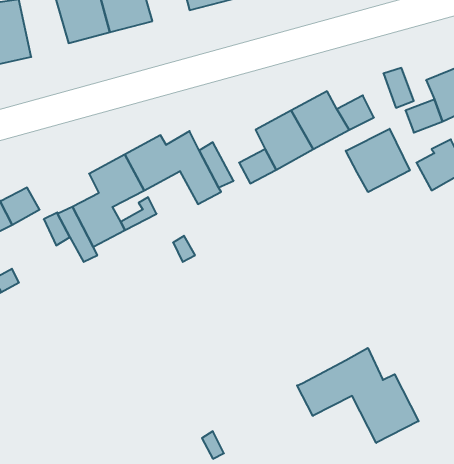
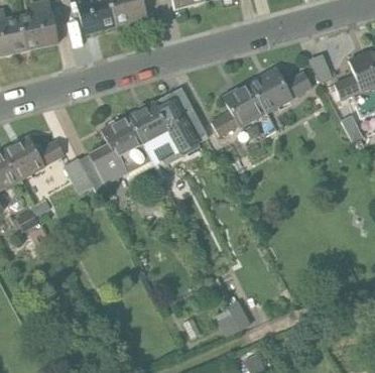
building: [346,129,410,192] -> none
building: none -> [141,127,180,163]
building: [297,348,419,443] -> none
building: none -> [219,299,250,336]

